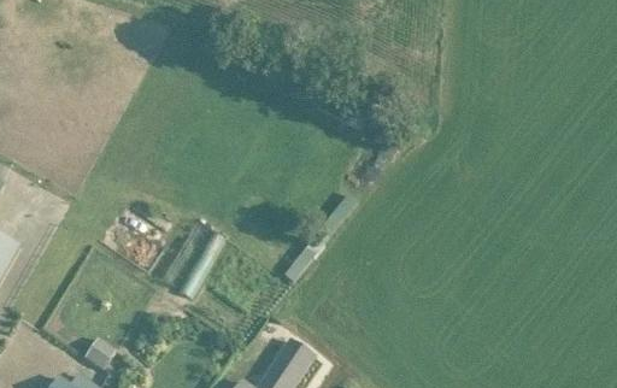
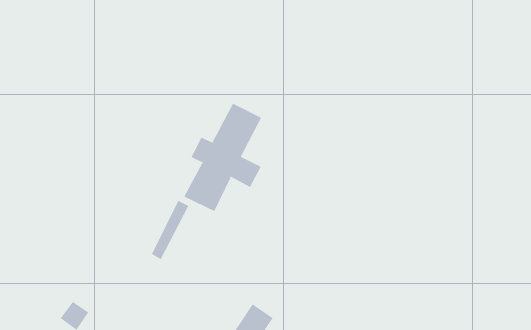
building: none -> [183,103,262,212]

